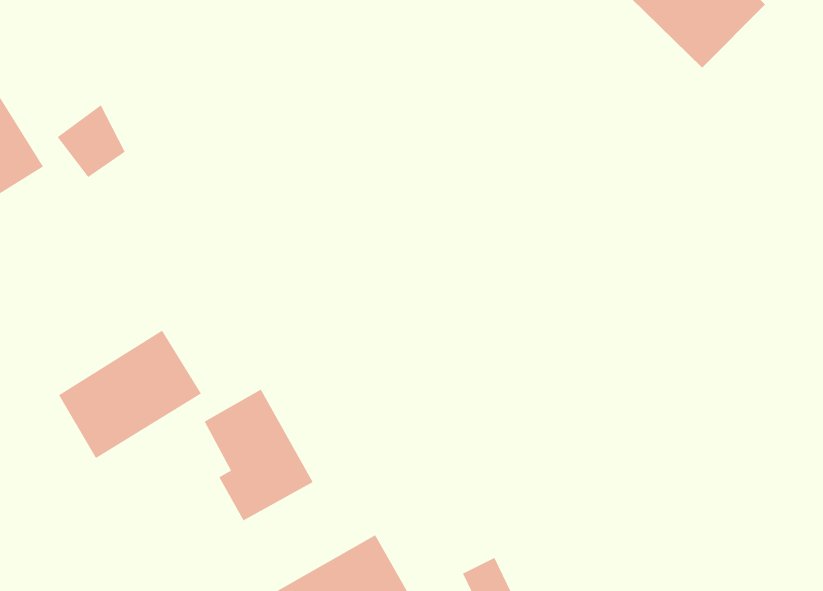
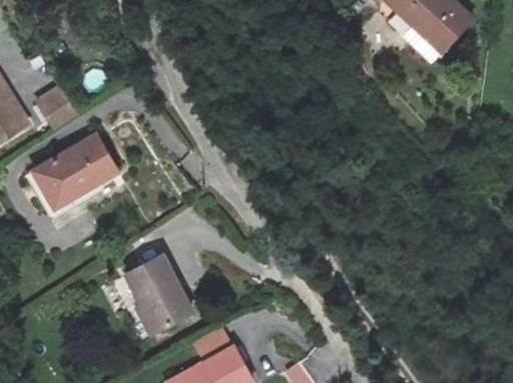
building: [58,330,202,459] -> [30,135,118,215]

